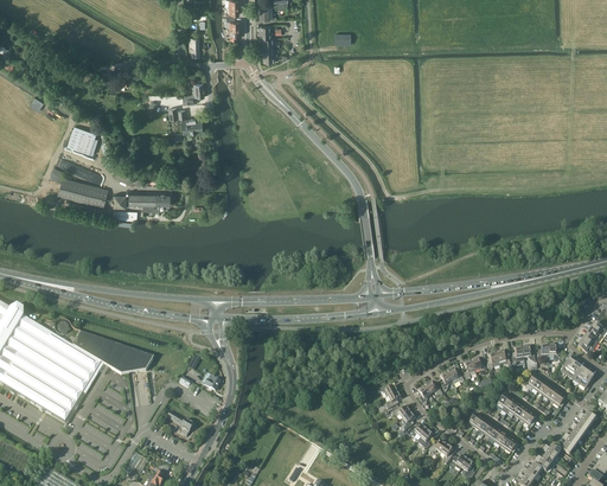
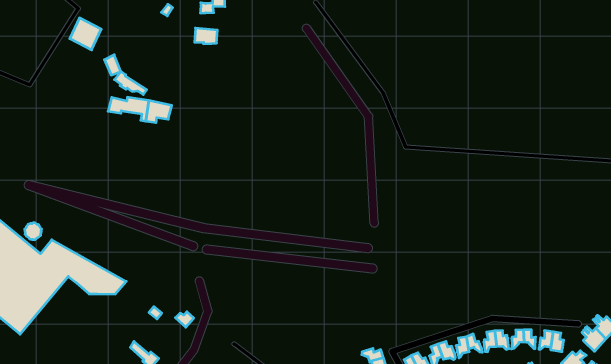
building: [58,175,106,205] -> none

